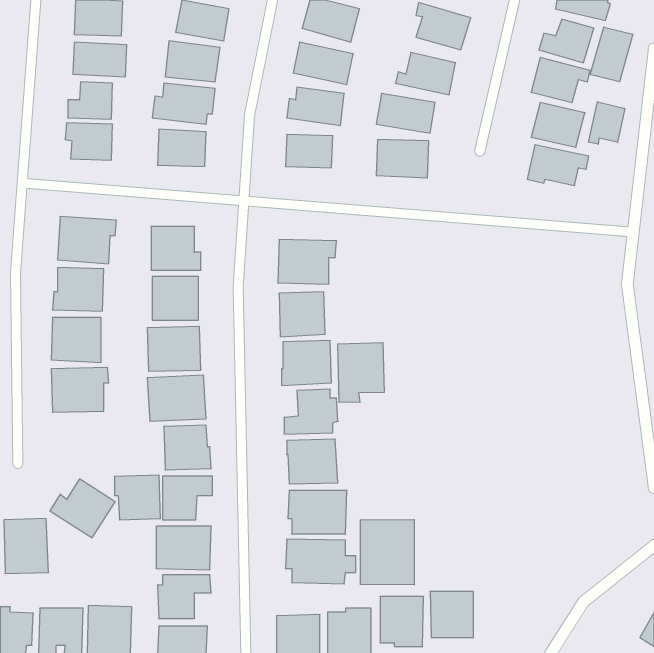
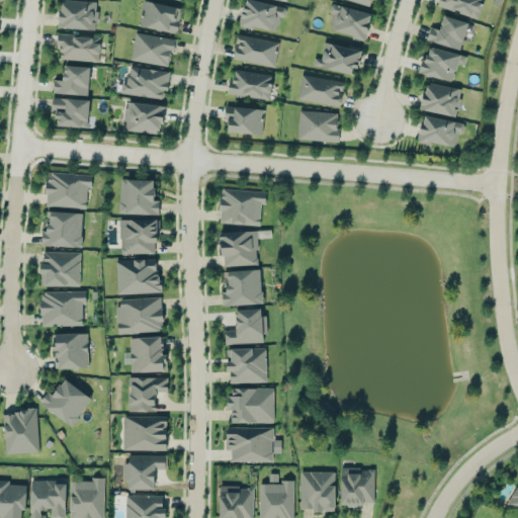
building: [590,27,633,82] -> none
building: [588,102,625,144] -> none
building: [338,343,384,402] -> none
building: [114,475,160,520] -> [52,334,88,369]
building: [360,520,414,585] -> none

